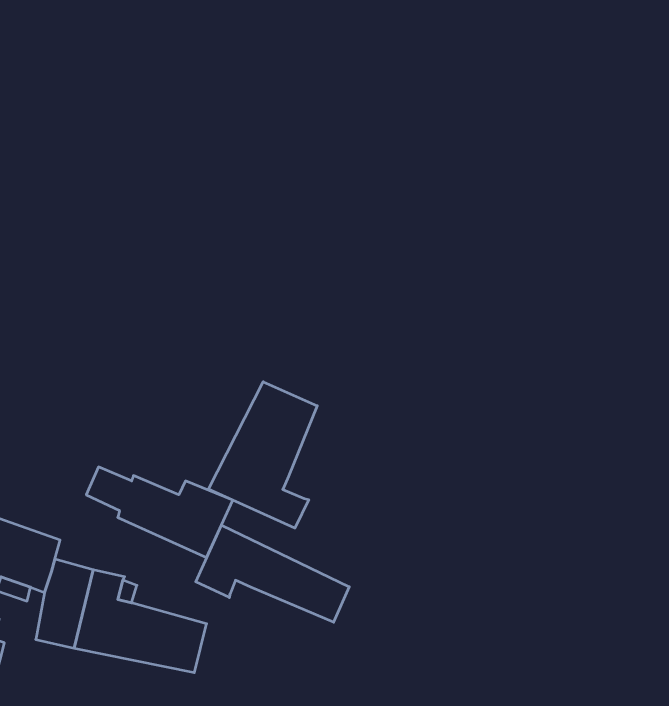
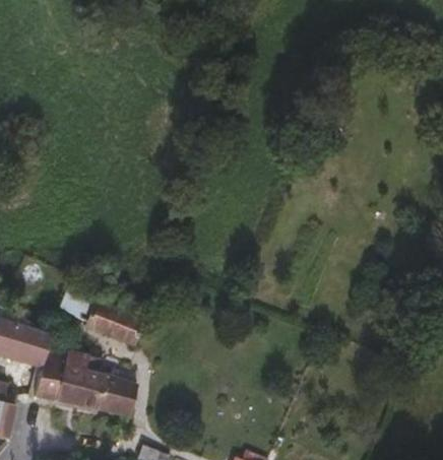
building: [209,382,317,528] -> none
building: [196,525,349,622] -> none

